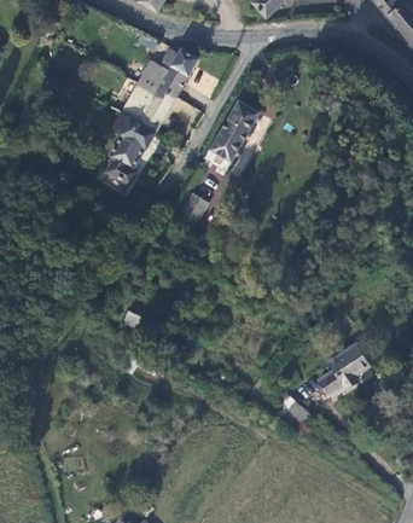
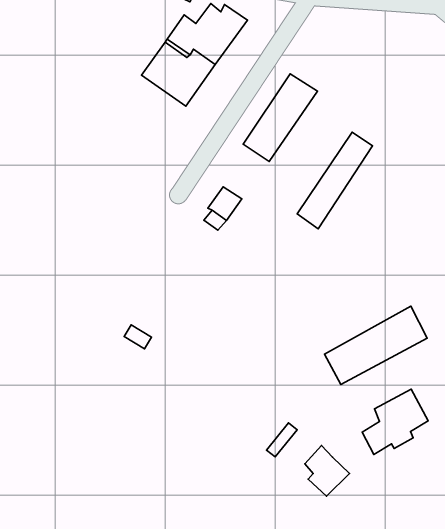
building: [109,111,157,186] -> none
building: none -> [297,132,373,229]
building: none -> [325,306,427,384]

